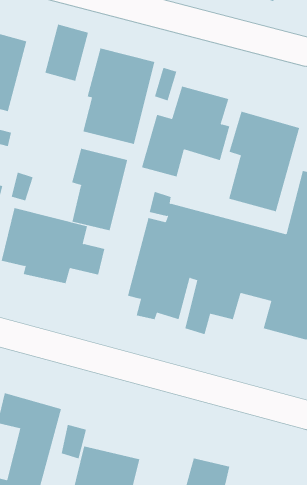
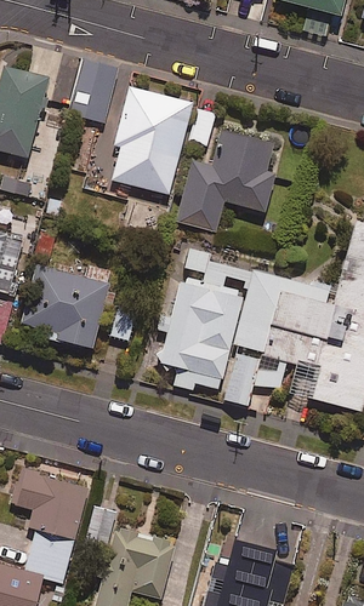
building: [229,111,300,212] -> none
building: [72,148,128,231] -> none

